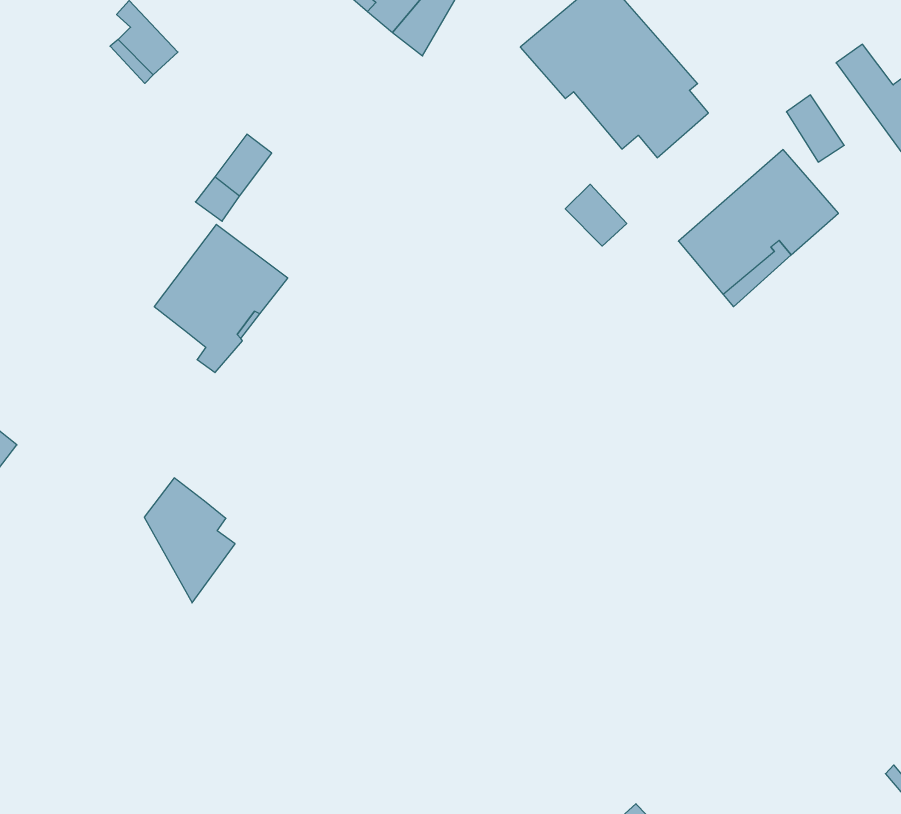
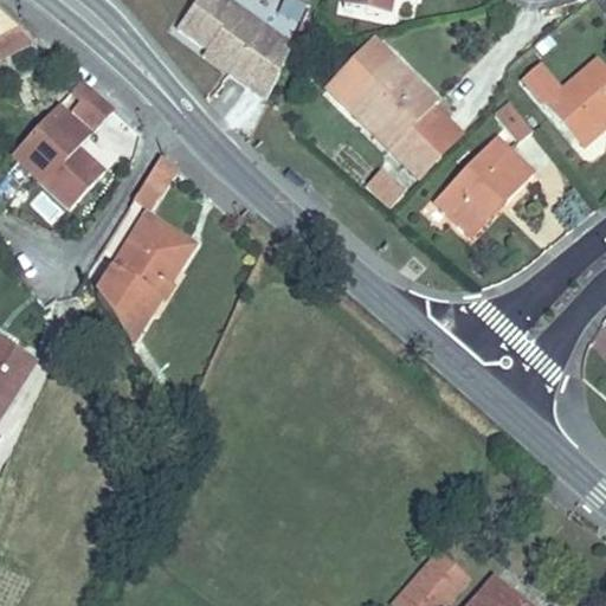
building: none -> [12,104,104,208]
building: none -> [357,111,464,178]
building: [144,478,235,603] -> [96,267,154,344]

